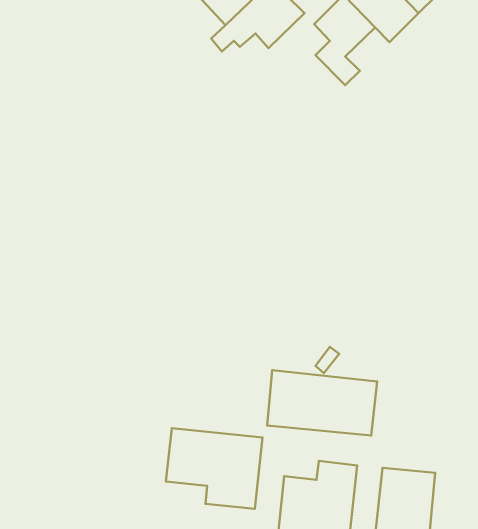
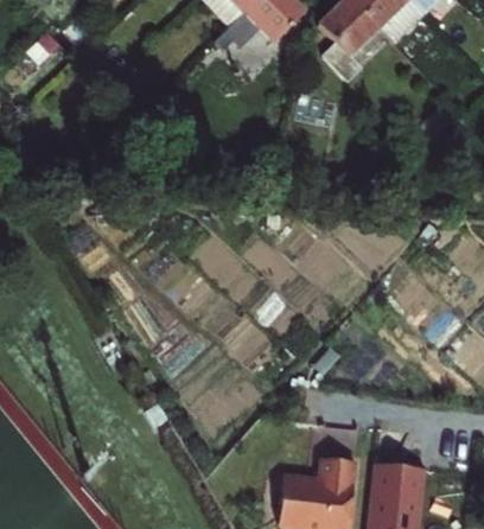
building: [267,370,377,436] -> none
building: [166,428,262,509] -> none

